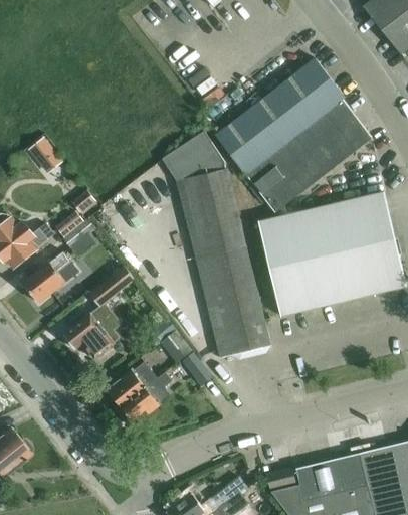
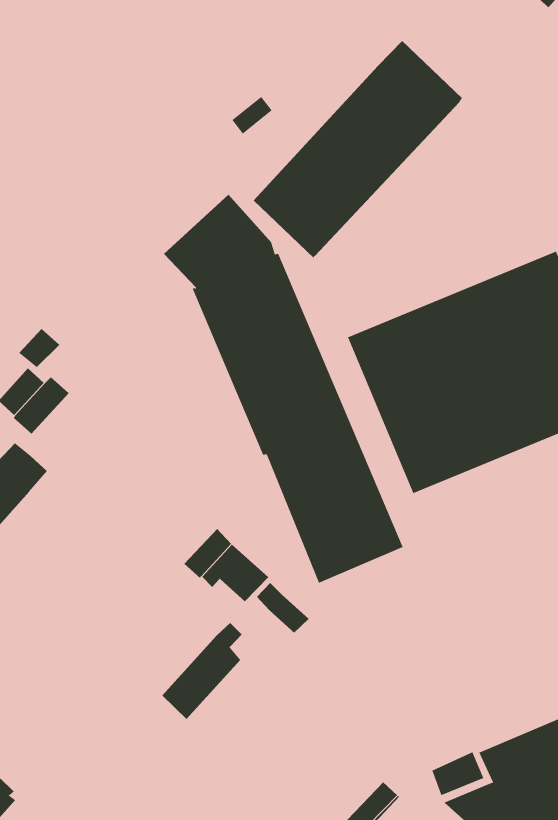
building: [247,100,372,212] -> none
building: [63,267,135,360] -> none
building: [108,362,158,408] -> none

